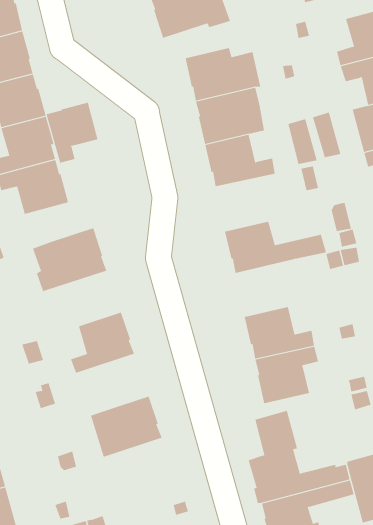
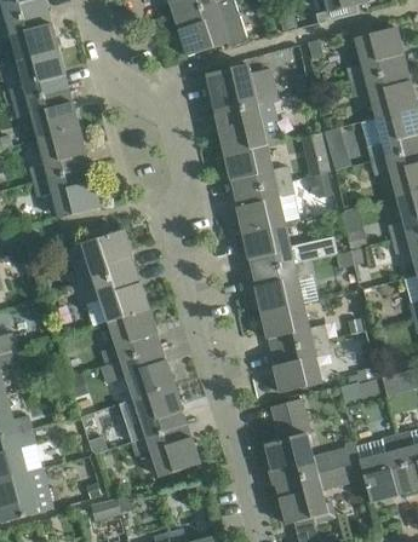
building: [46,102,98,163] -> none
building: none -> [234,180,299,233]
building: none -> [252,259,317,312]
building: none -> [75,270,148,327]
building: none -> [99,346,173,398]
building: none -> [131,423,200,477]

